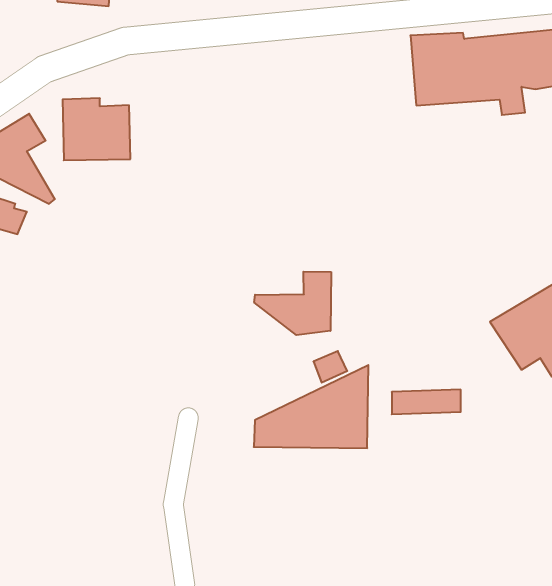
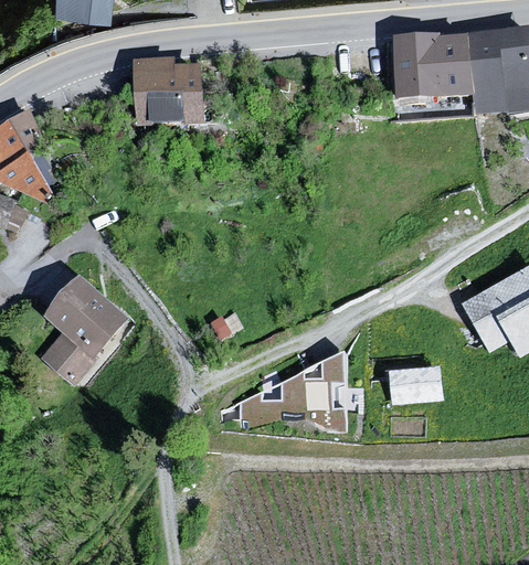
building: [63,98,130,160] -> [137,56,201,115]
building: [254,272,331,335] -> none
building: none -> [42,279,128,384]

